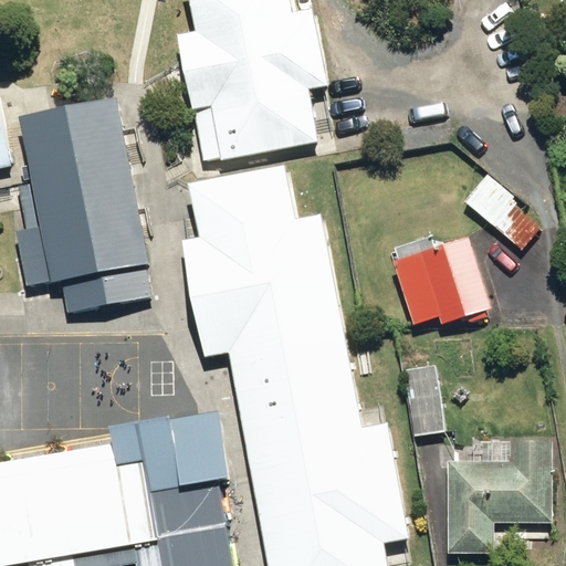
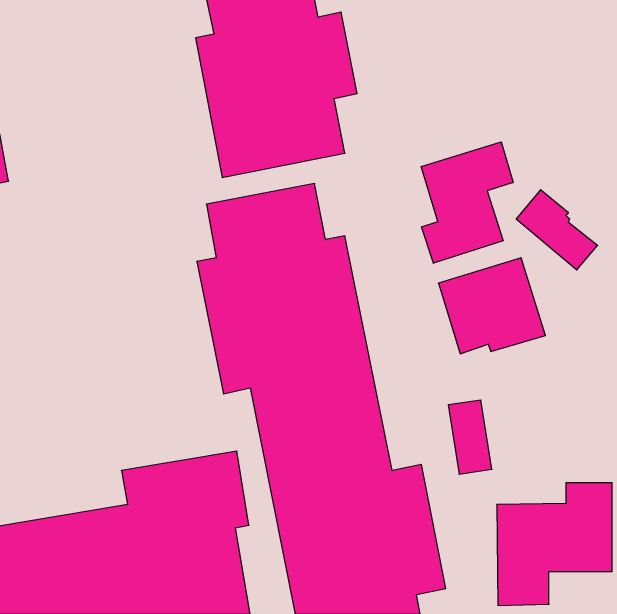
building: [11,98,148,313] -> none
building: none -> [421,142,513,263]

